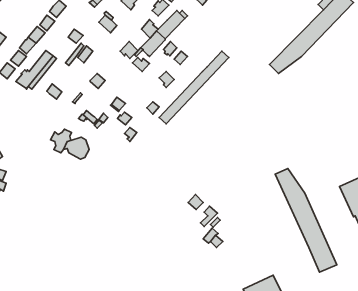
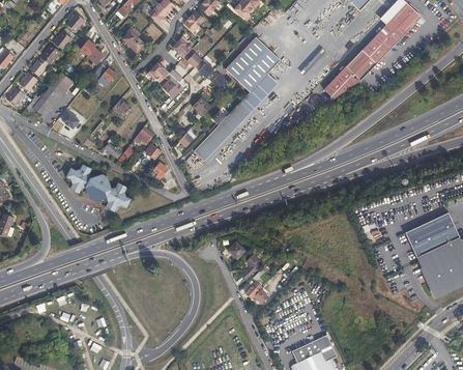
building: none -> [224,37,280,92]
building: none -> [105,183,129,211]
building: [275,168,337,272] -> none

